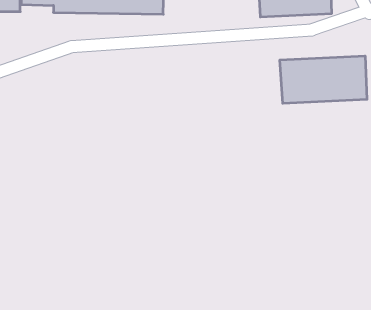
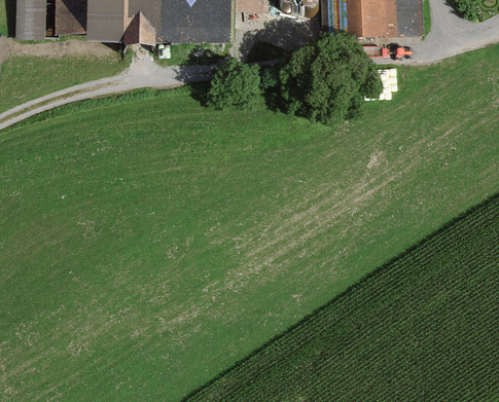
building: [280,56,367,103] -> none

